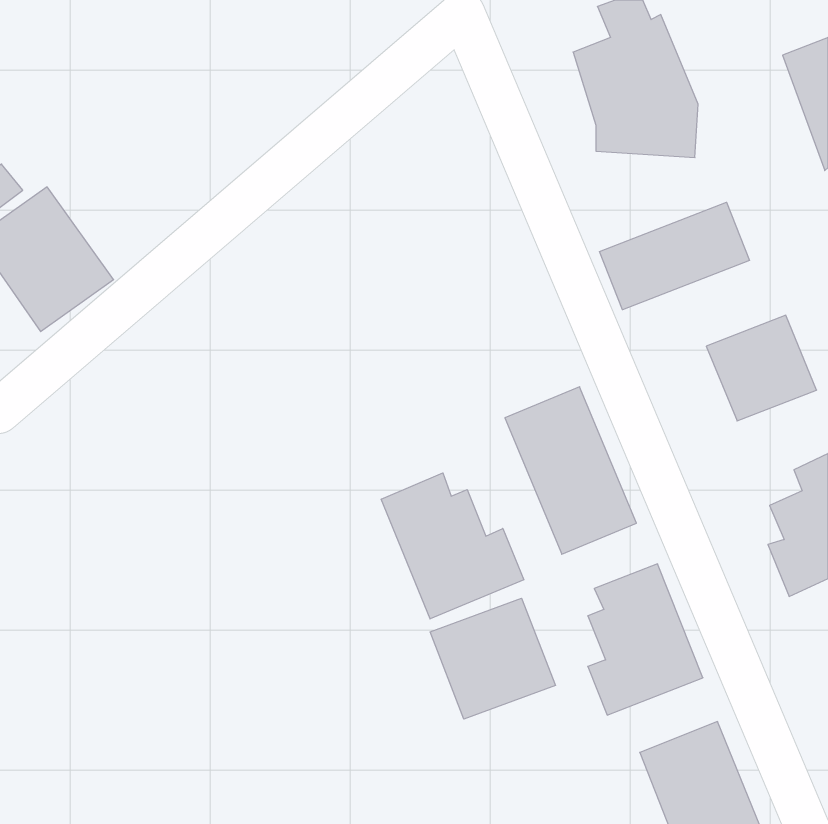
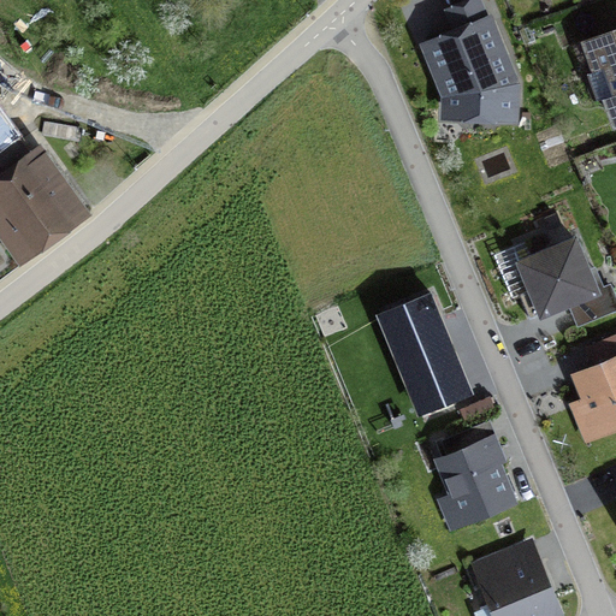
building: [600,202,749,310] -> none
building: [381,473,524,619] -> none
building: [430,598,555,719] -> none

